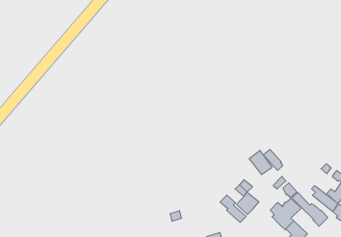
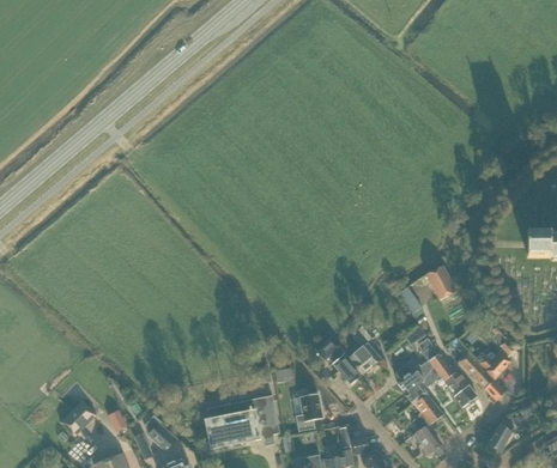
building: [249,150,272,175] -> [425,265,456,299]

